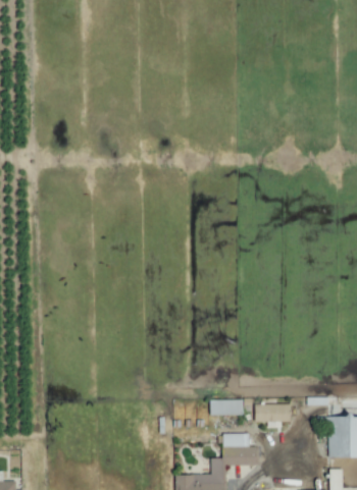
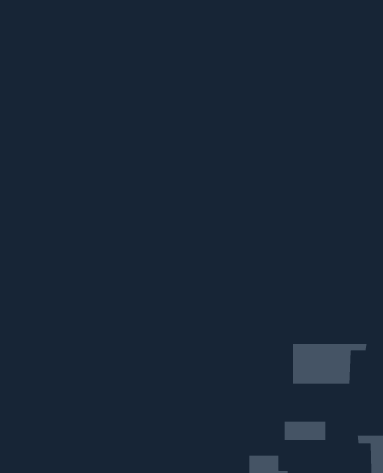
building: none -> [292,343,368,384]
building: [210,399,244,415] -> none

